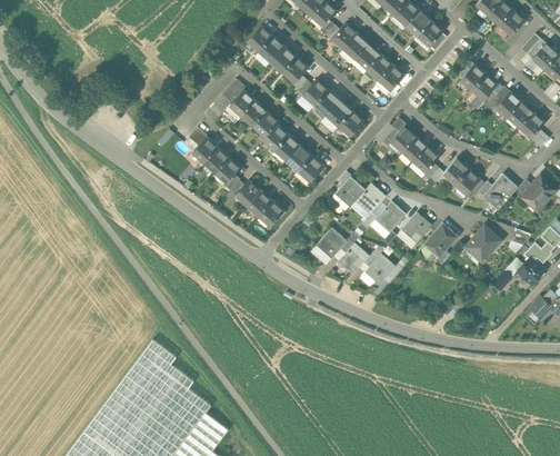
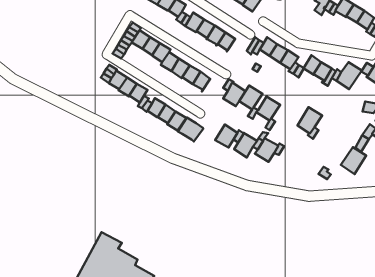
building: none -> [178,118,203,142]
building: [401,214,431,244] -> none
building: [466,228,500,262] -> [341,147,366,174]

